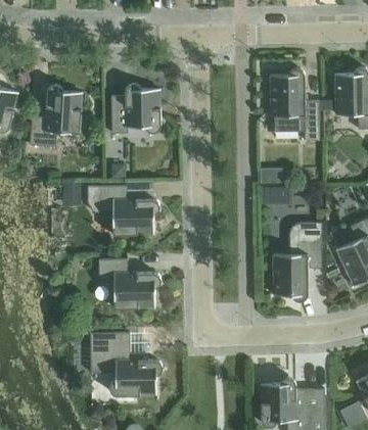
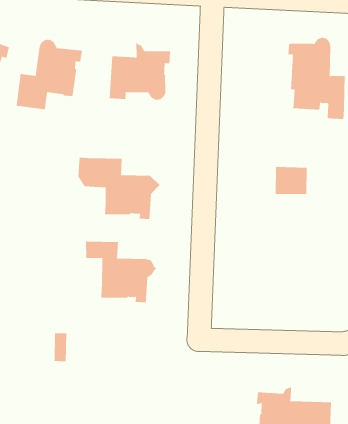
building: [270,222,322,302] -> none
building: [90,332,164,395] -> none

